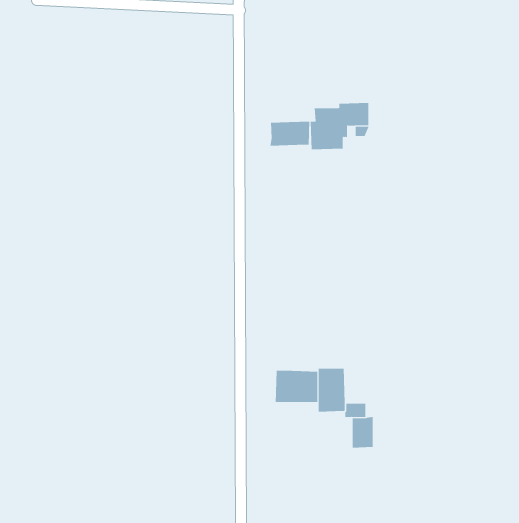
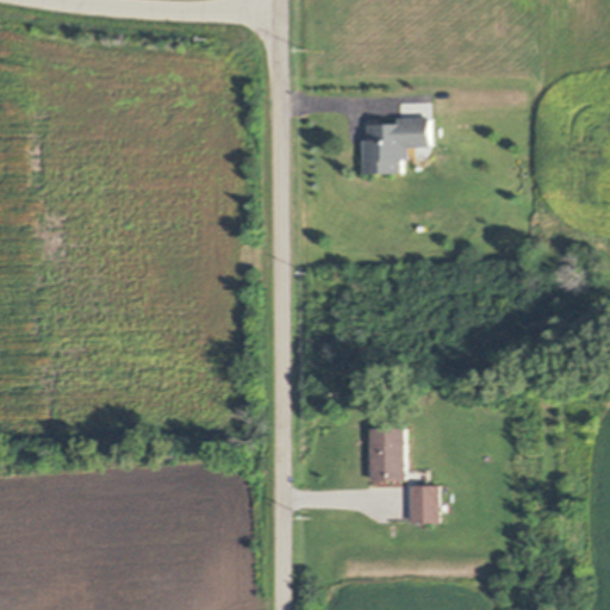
building: [270,121,310,146] -> none
building: [275,370,318,403] -> none

